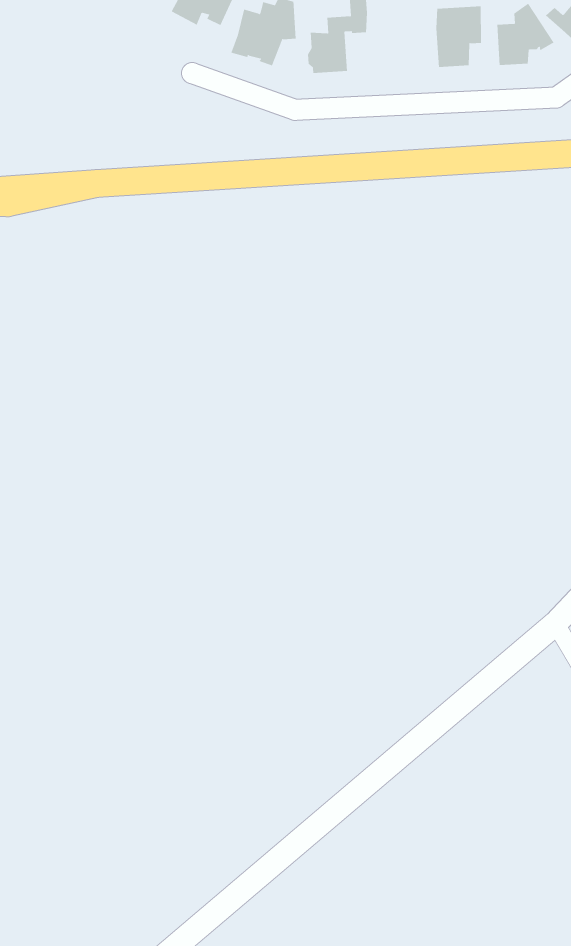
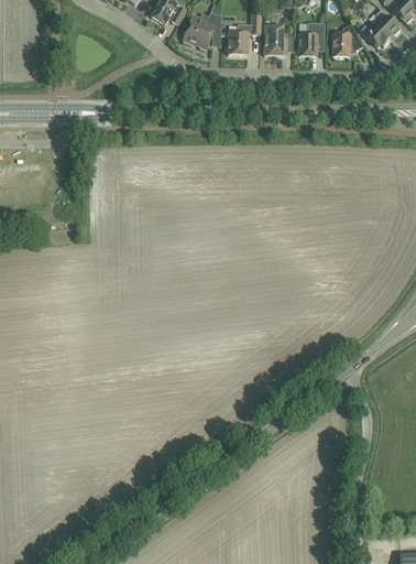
building: none -> [264,25,286,55]

